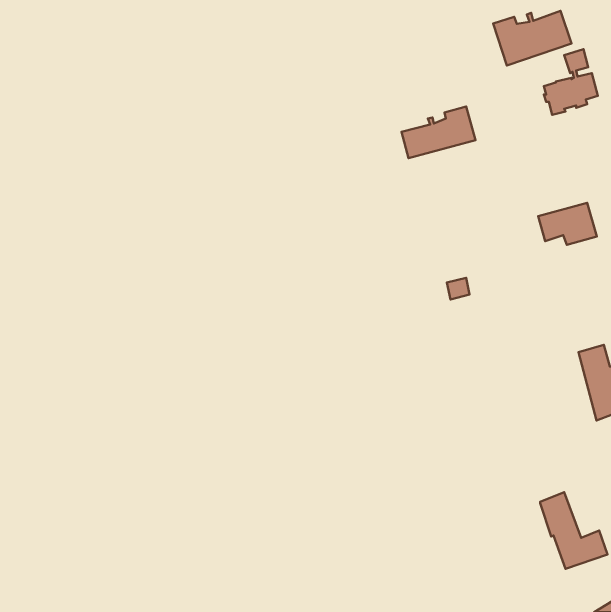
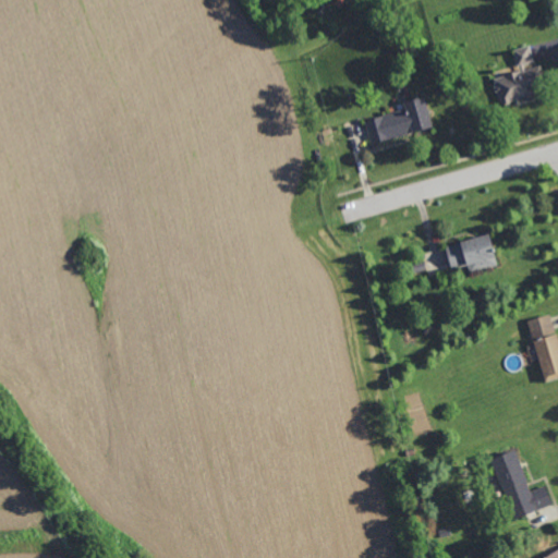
building: [493,11,571,66] -> none
building: [538,203,597,245] -> [446,234,499,272]

